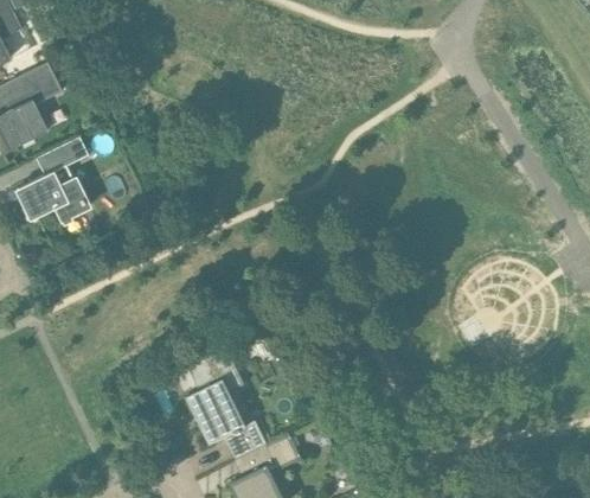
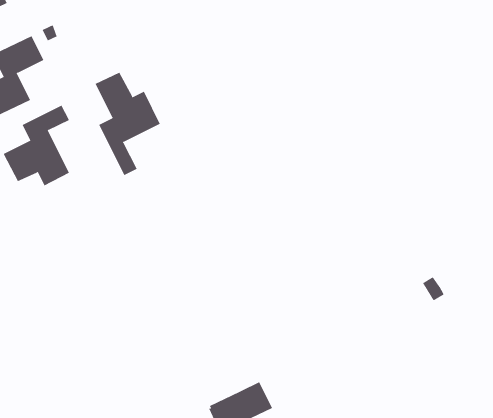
building: none -> [95,72,160,176]
building: [187,345,267,458] -> none

